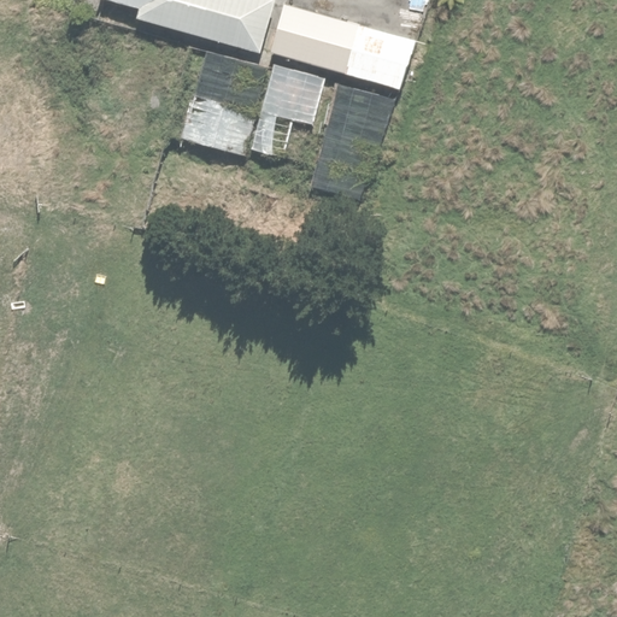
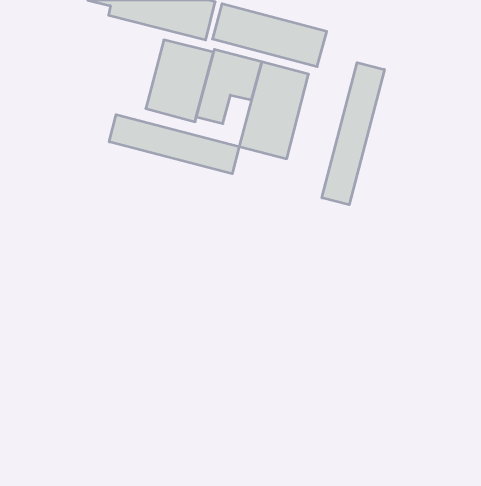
building: none -> [322,63,384,205]
building: none -> [109,115,239,174]

